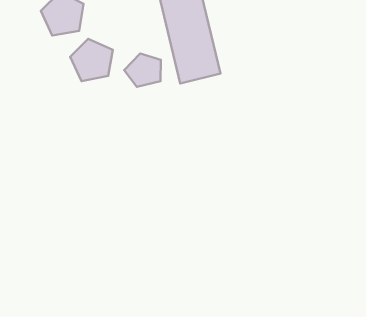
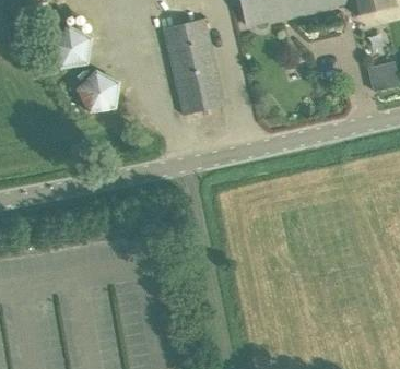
building: [124,54,161,87] -> none

